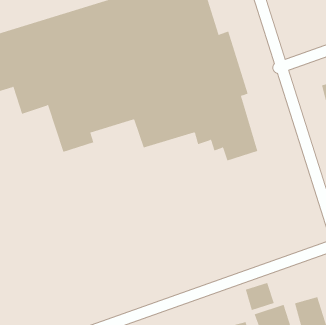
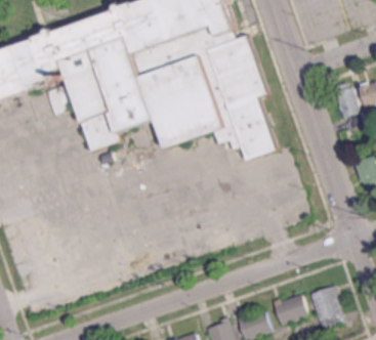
building: [245,282,274,311] -> none

